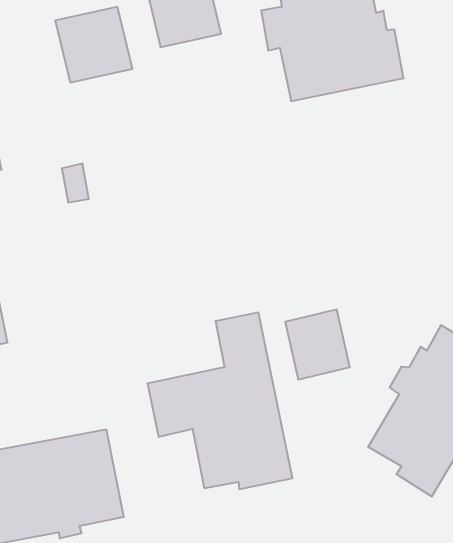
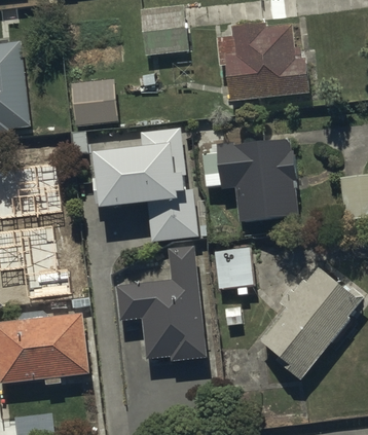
building: [55,7,132,82] -> [70,78,119,126]
building: none -> [203,138,301,225]
building: none -> [95,128,199,242]

